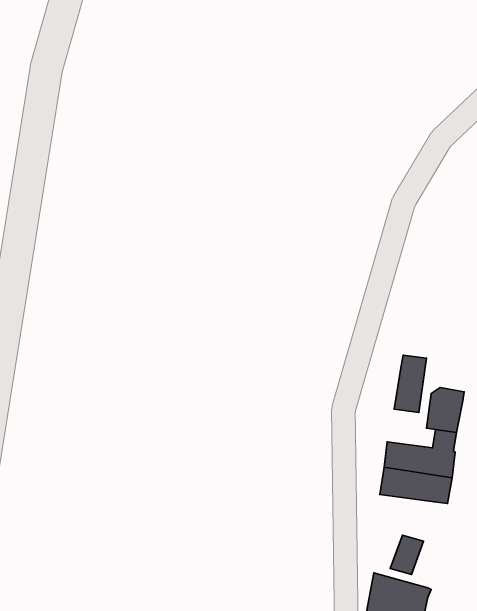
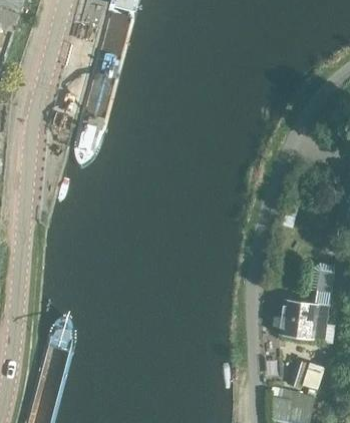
building: [394,355,426,412] -> none

